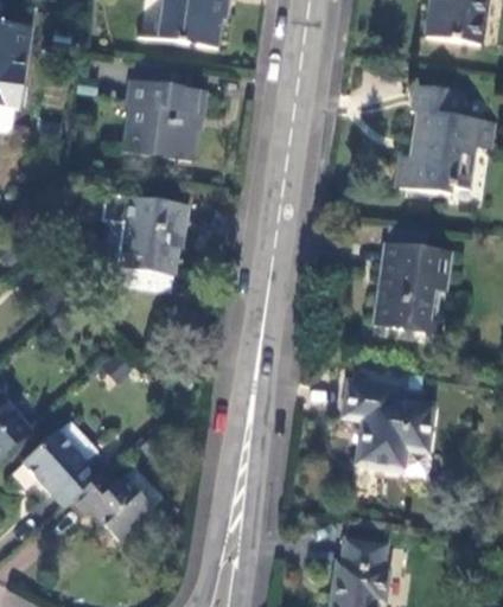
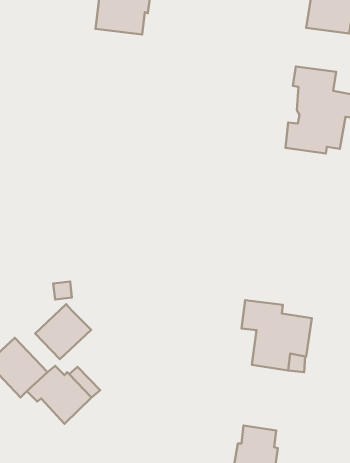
building: [128,83,208,162] -> none
building: [102,192,187,289] -> none
building: [369,242,444,331] -> none
building: none -> [35,304,91,359]

